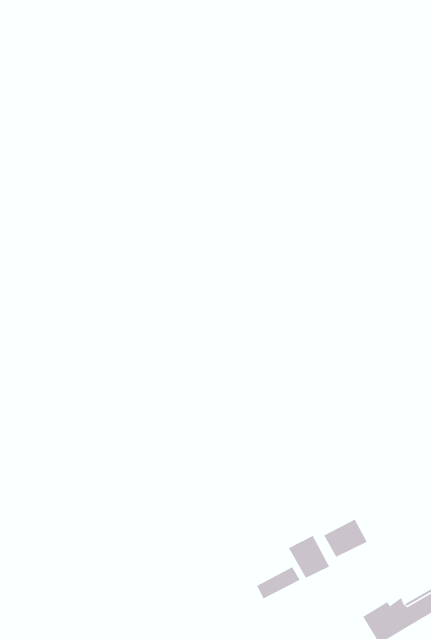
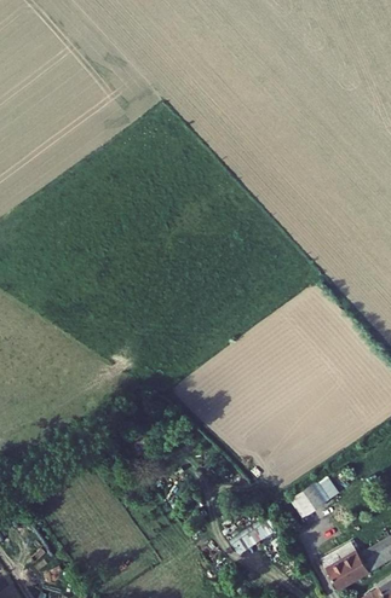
building: [288,535,330,579] -> none

